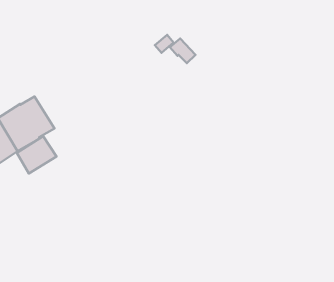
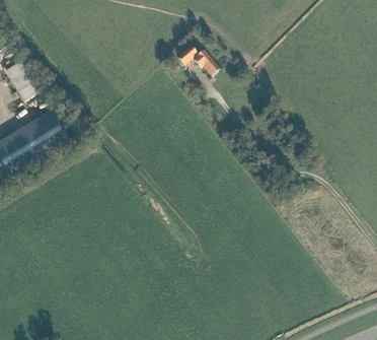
building: [17,136,56,173] -> none

